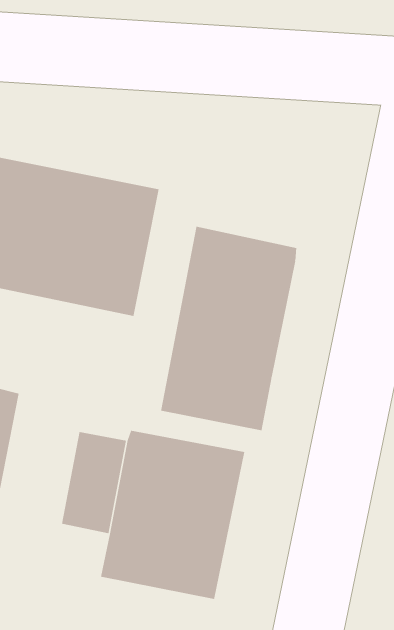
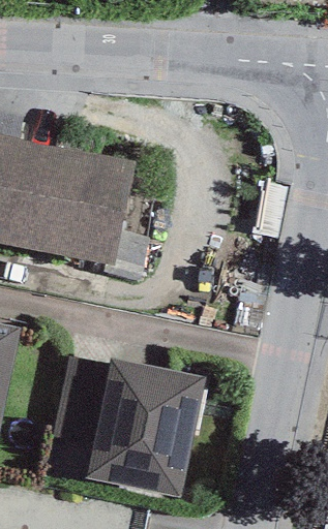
building: [161,226,297,431] -> none

